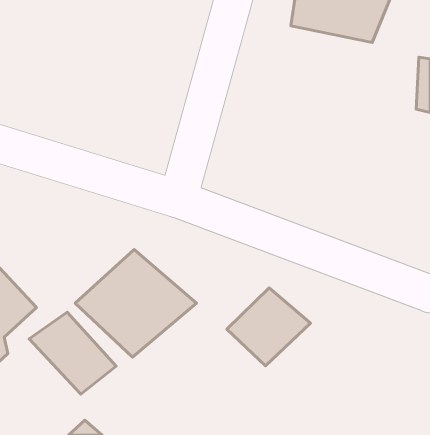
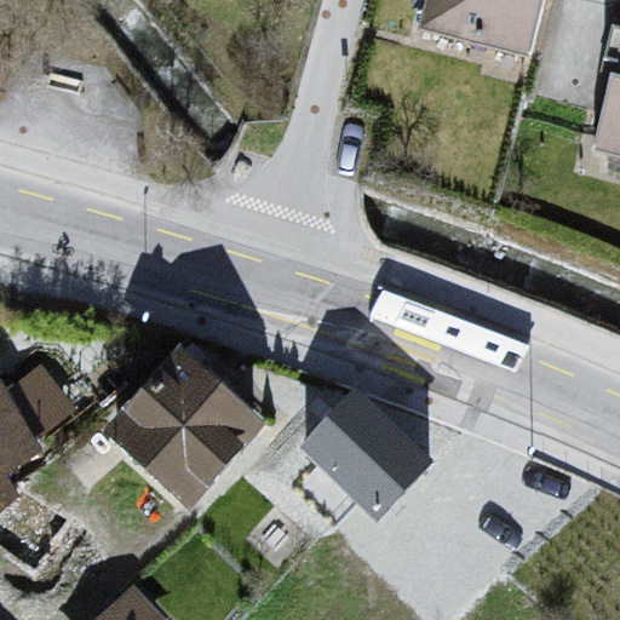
building: [29,312,116,394] -> none

